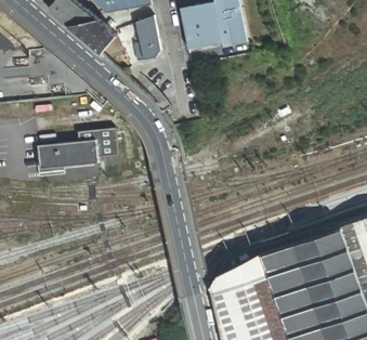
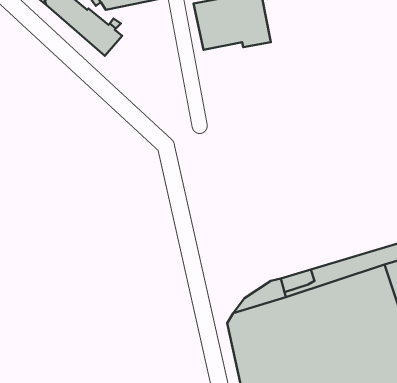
building: [135,17,160,62] -> none
building: [39,131,120,176] -> none

